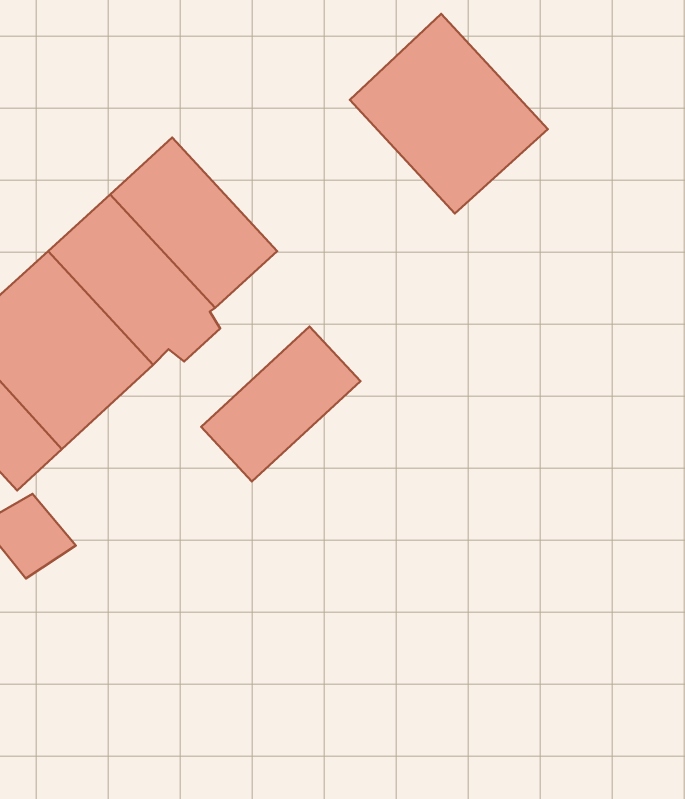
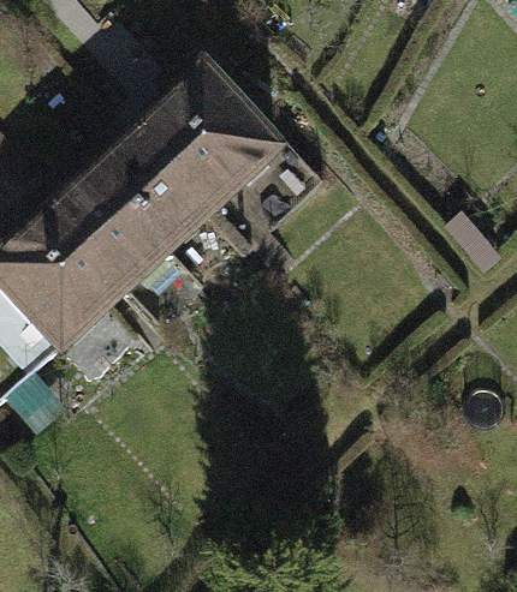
building: [350,14,548,214] -> [139,68,278,208]
building: [201,326,361,481] -> none

